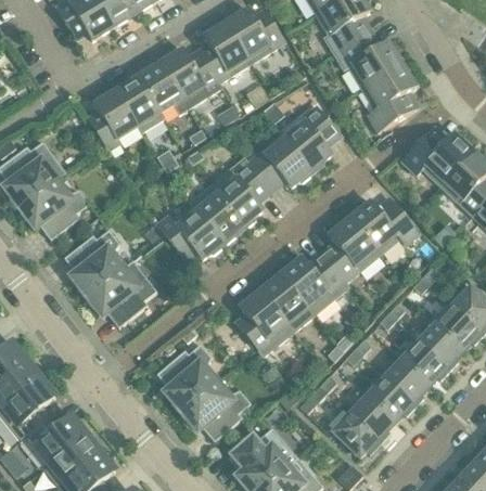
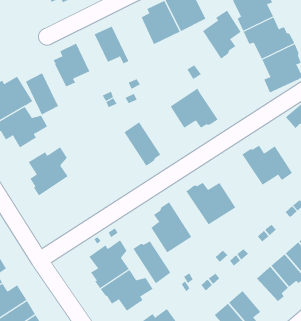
building: [161,48,221,107] -> none
building: [116,76,164,132] -> [25,72,59,115]
building: [285,106,337,172] -> [202,10,242,59]
building: [209,157,269,229] -> none
building: [156,206,223,259] -> none
building: [323,216,380,282] -> none
building: [86,260,156,324] -> none
building: [259,273,314,331] -> [133,240,171,284]
building: [368,377,415,421] -> none

